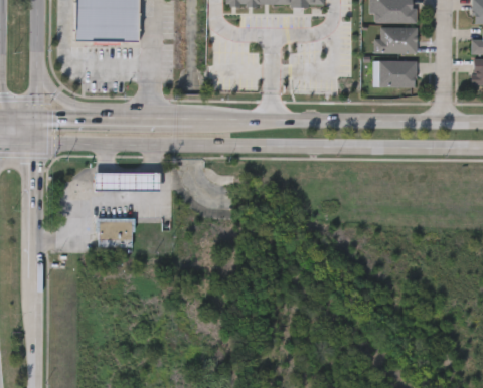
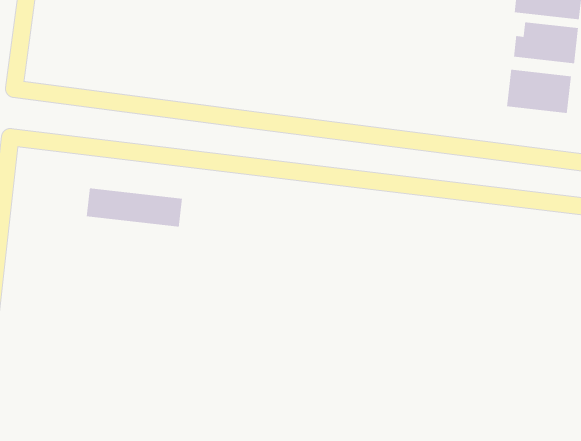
building: [101,216,134,245] -> none

